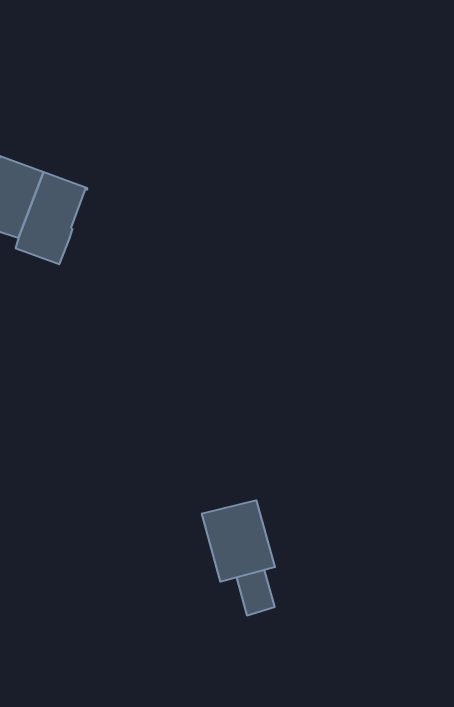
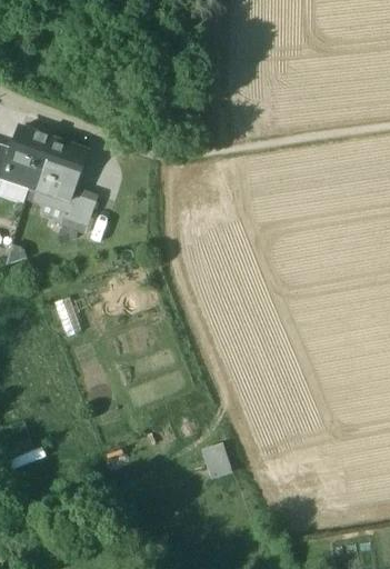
building: none -> [61,189,96,232]
building: [202,500,275,582] -> none

